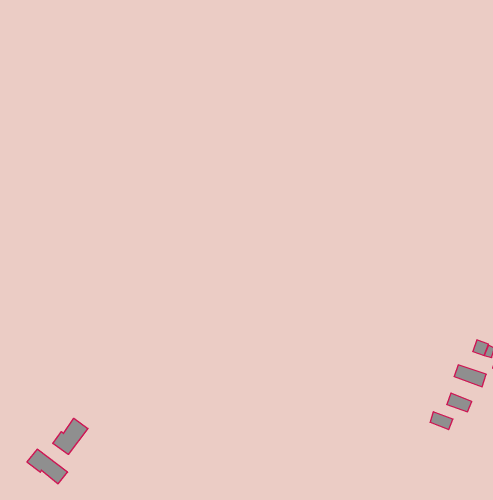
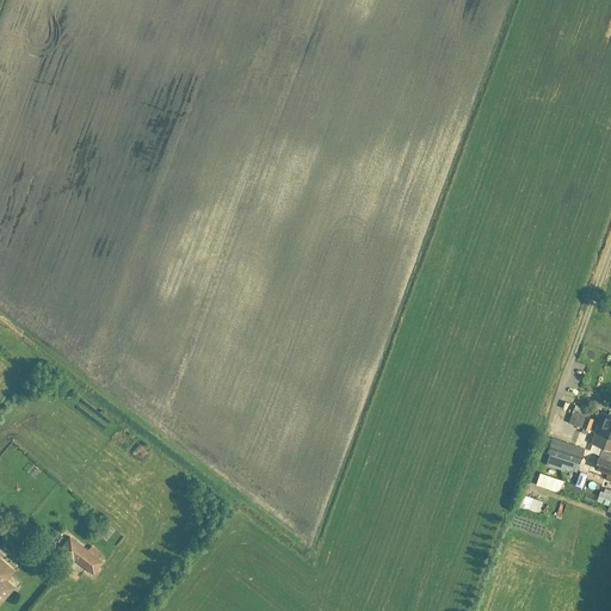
building: [53,418,88,454] -> none

